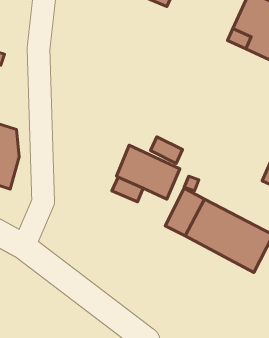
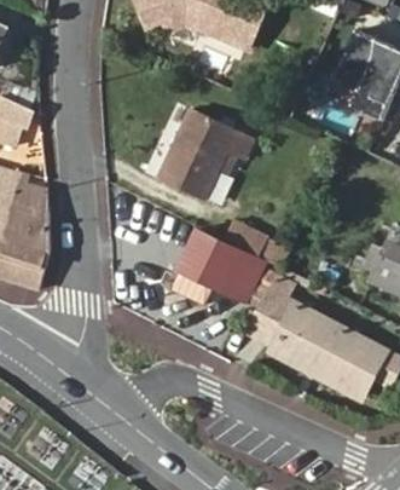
building: none -> [158,109,257,198]

